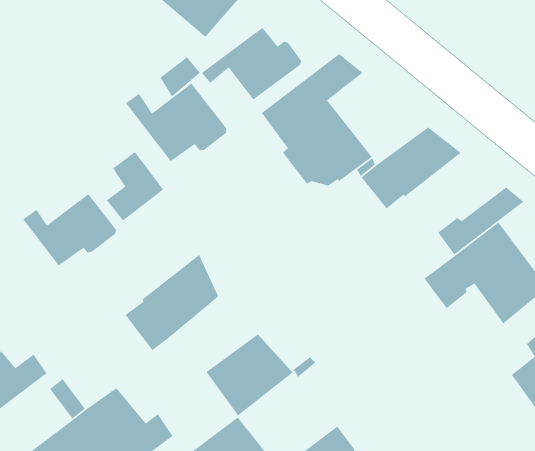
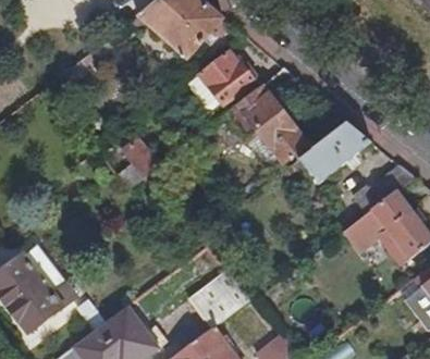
building: [125,82,227,162] -> none
building: [22,193,117,267] -> none
building: [125,254,219,351] -> none

